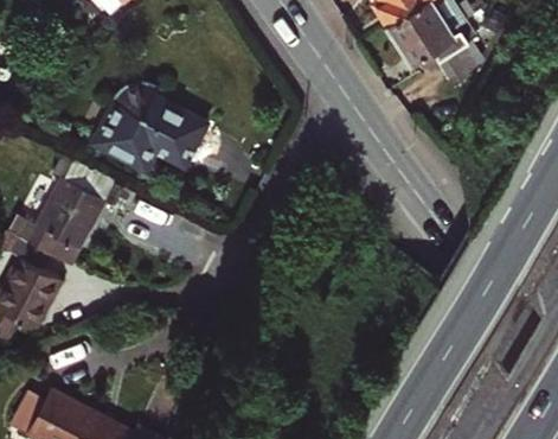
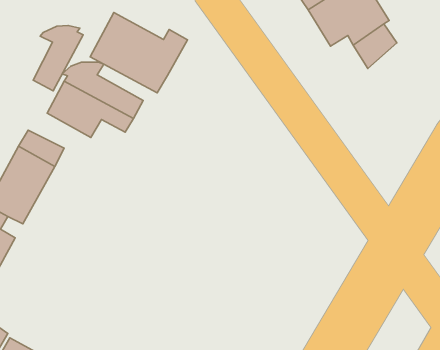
building: none -> [90,12,188,93]
building: none -> [33,25,83,91]

